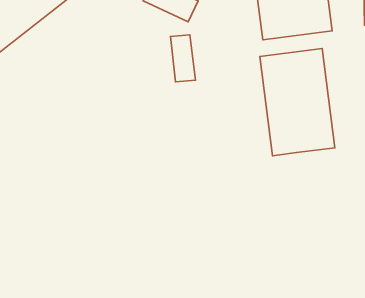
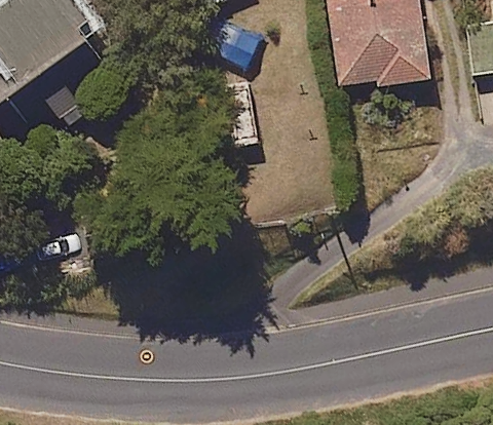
building: [260,48,335,156] -> none

